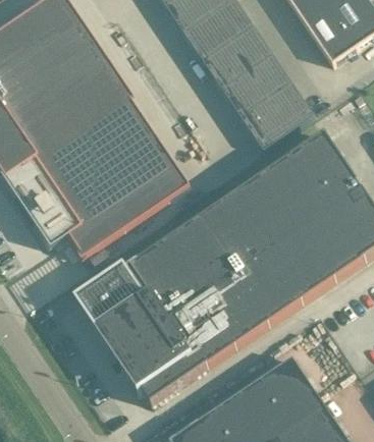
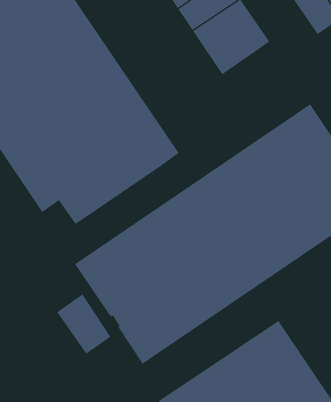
building: [232,68,314,148] -> none
building: none -> [57,294,111,354]

